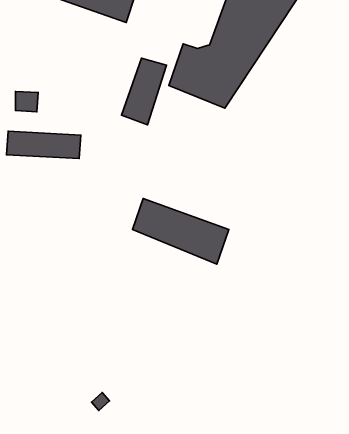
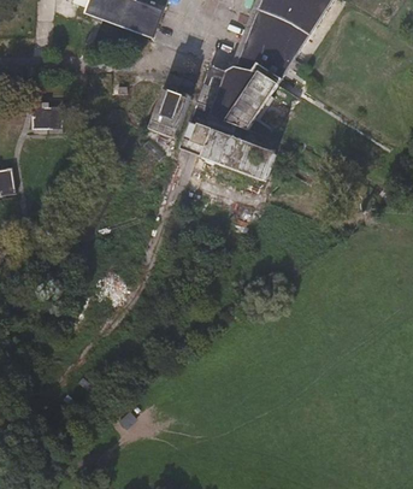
building: [6,131,81,159] -> none
building: [133,199,229,264] -> [178,114,276,181]

